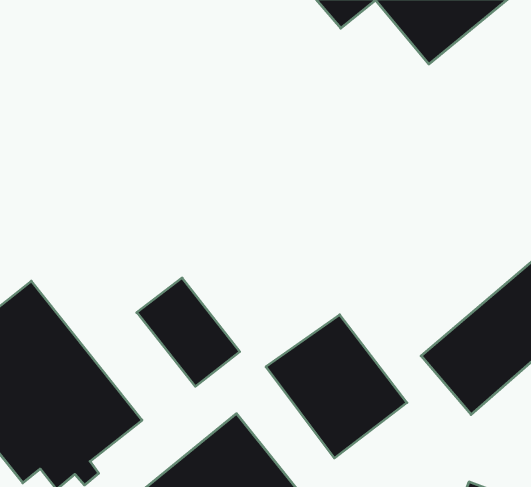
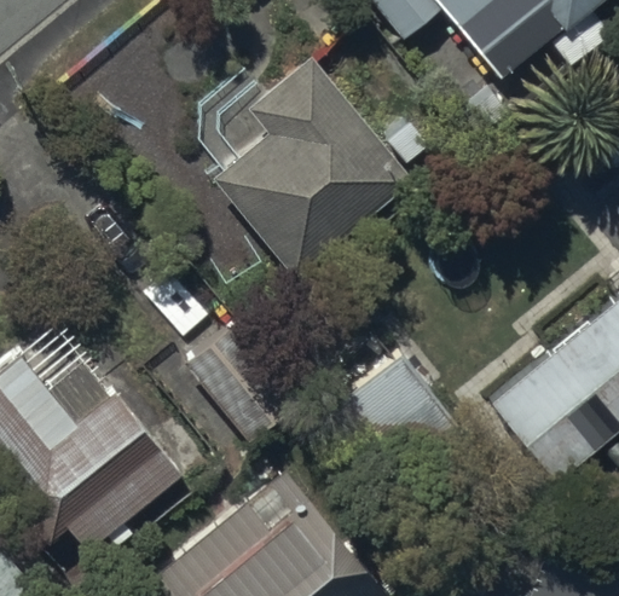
building: none -> [215,56,433,276]

